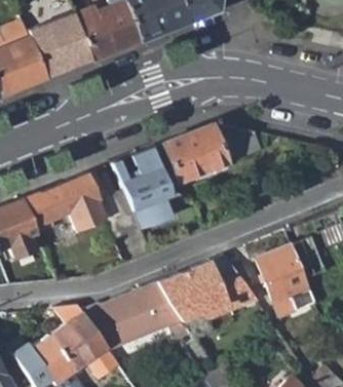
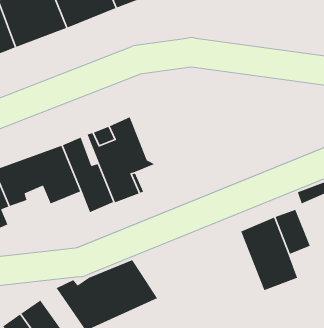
building: [162,122,262,186] -> none
building: [155,260,254,322] -> none

